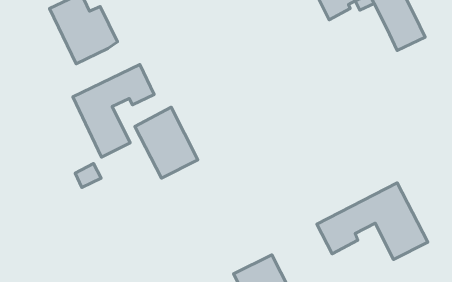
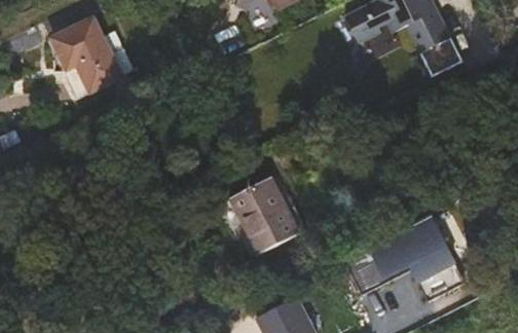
building: [73,64,154,157] -> none
building: [135,107,198,178] -> [230,176,298,252]

